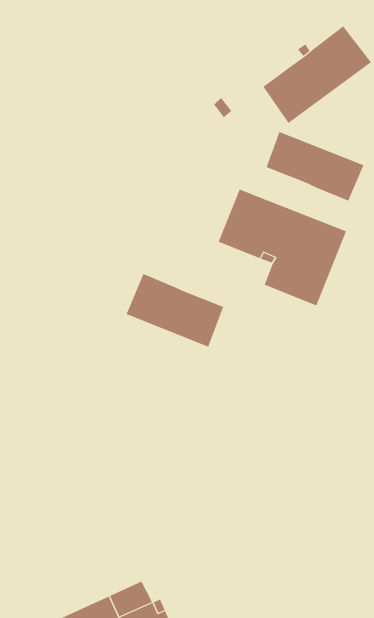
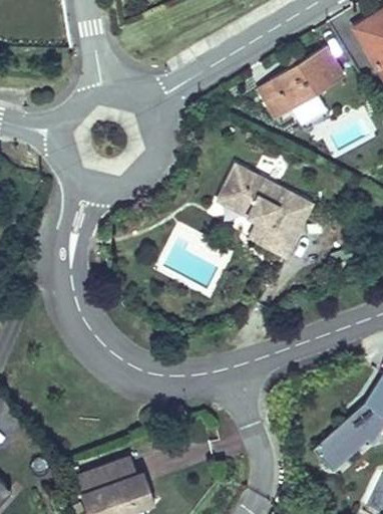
building: [266,131,364,202] -> none
building: [126,273,224,348] -> none

